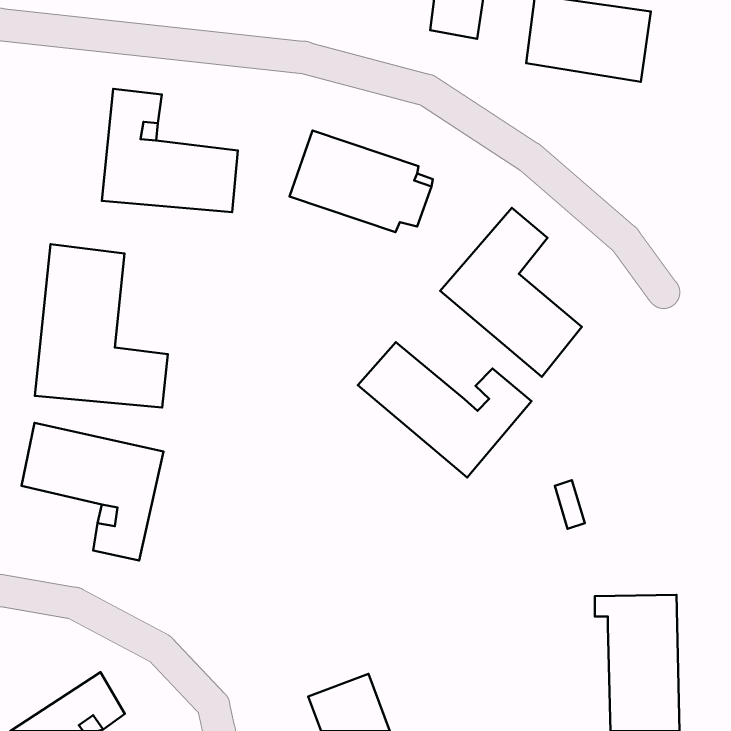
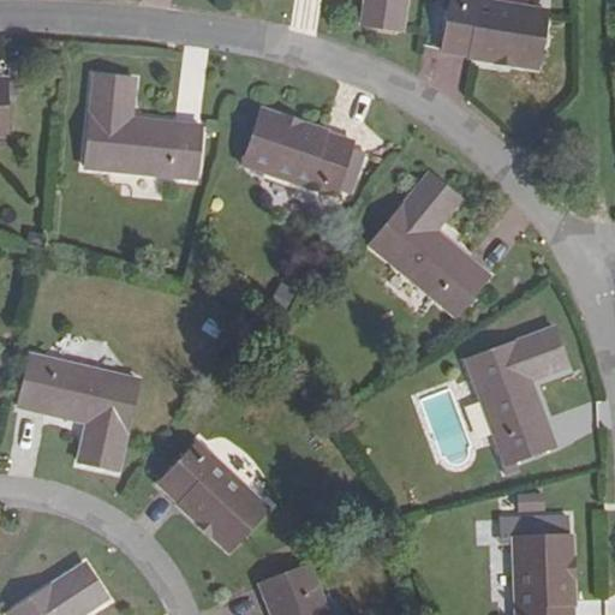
building: [35,244,168,408] -> none
building: [358,342,531,478] -> none
building: none -> [467,327,567,476]
building: none -> [159,443,268,550]

